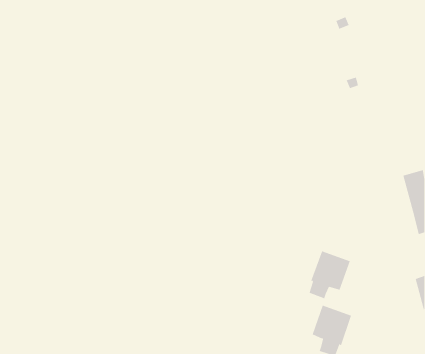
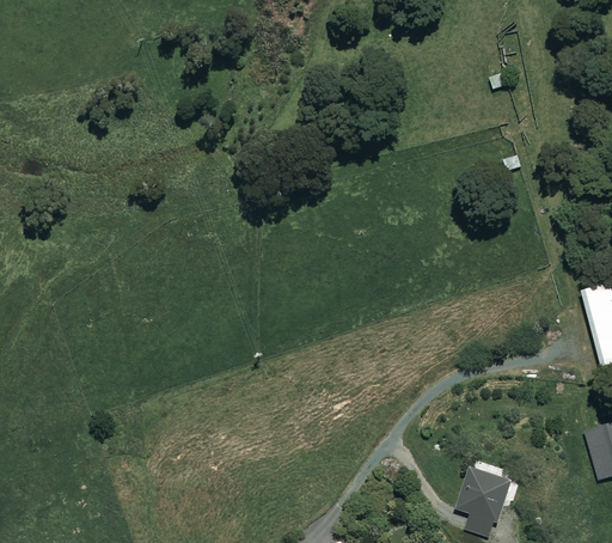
building: [309,251,350,299] -> none

